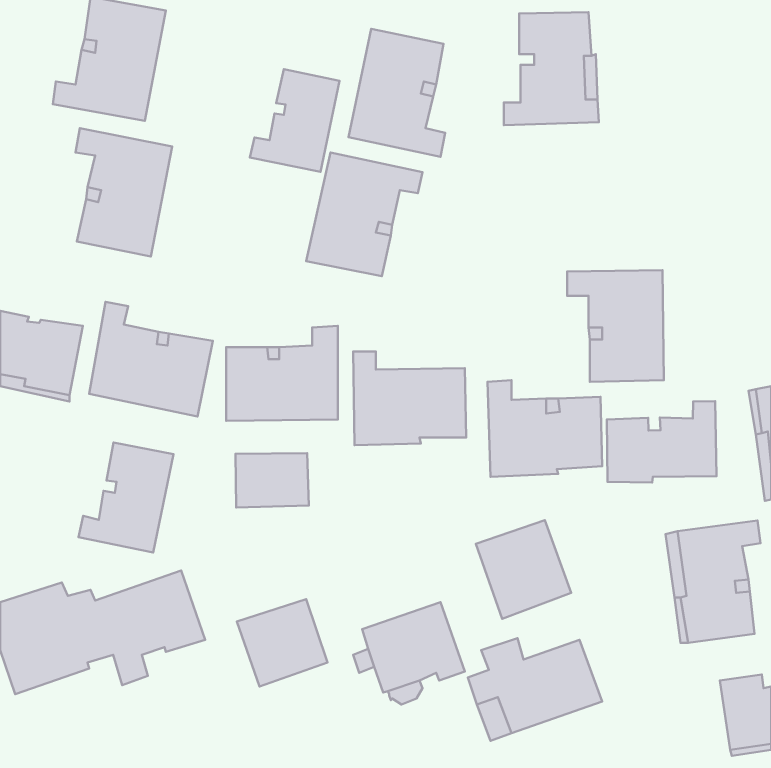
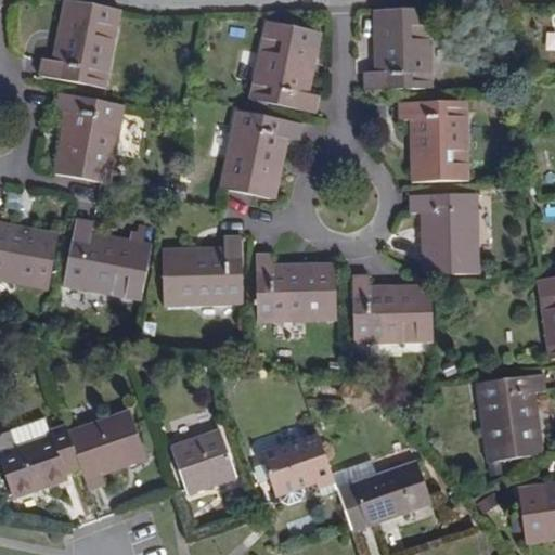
building: [250,69,339,172] -> none
building: none -> [397,101,467,182]
building: [607,401,716,483] -> none
building: [79,442,174,552] -> none
building: [236,453,309,508] -> none
building: [476,520,571,619] -> none

